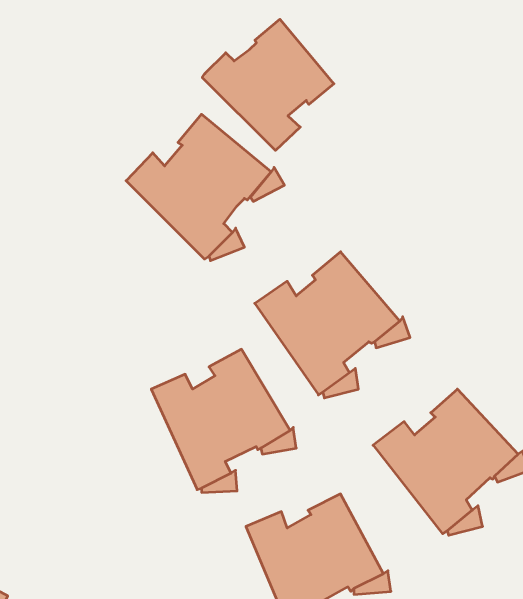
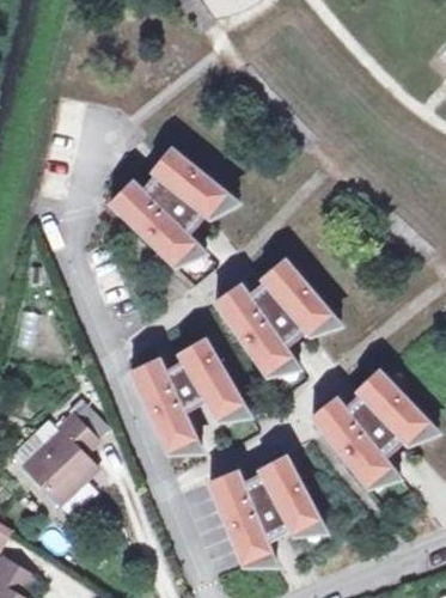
building: [202,19,334,150] -> none
building: none -> [25,409,97,501]

